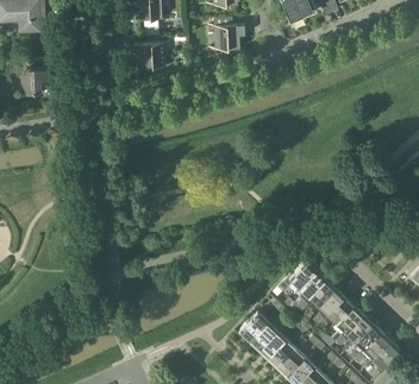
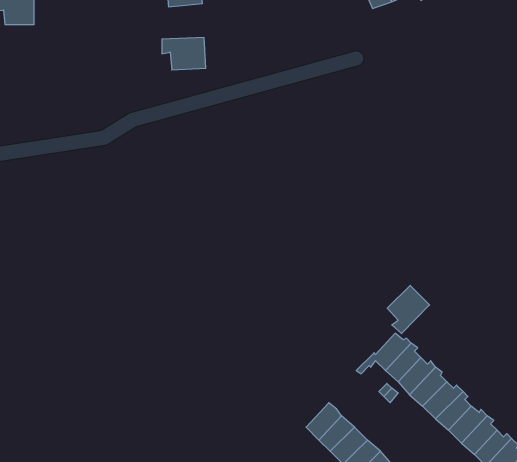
building: [213,25,244,49] -> none
building: [19,68,49,94] -> none
building: none -> [387,285,430,334]

